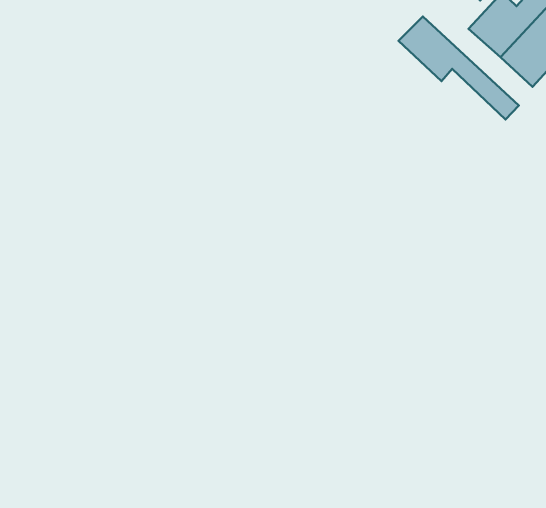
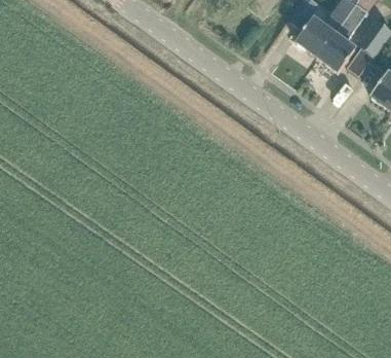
building: [398,17,519,120] -> none

